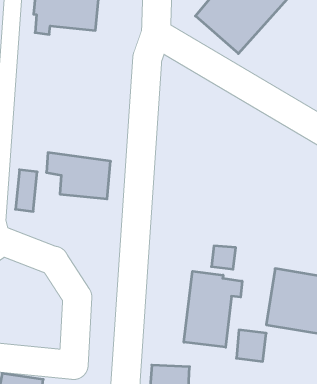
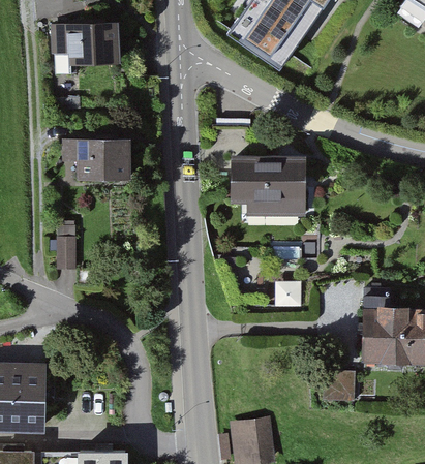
building: none -> [226,153,303,214]
building: [46,153,111,199] -> [63,140,133,183]
building: [184,271,242,347] -> none

